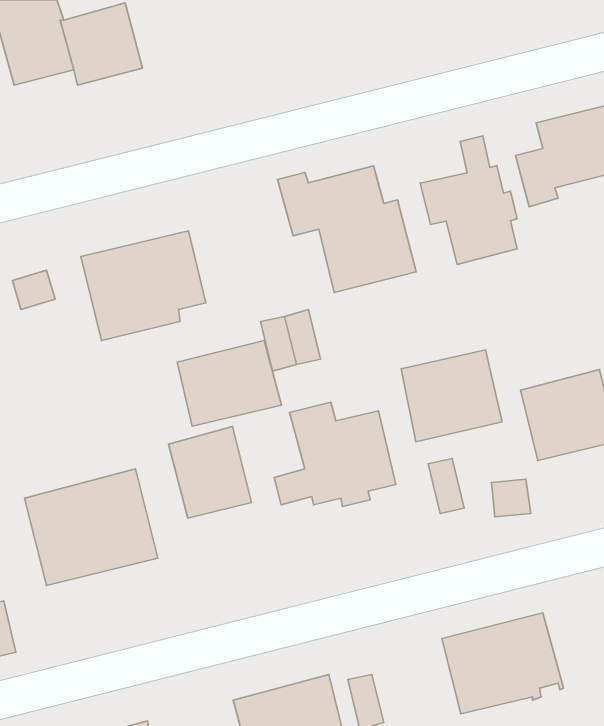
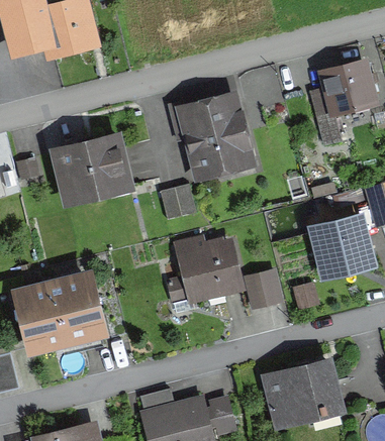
building: [420,136,517,264] -> none
building: [177,340,281,426] -> none
building: [401,350,502,442] -> none
building: [169,427,251,518] -> none

